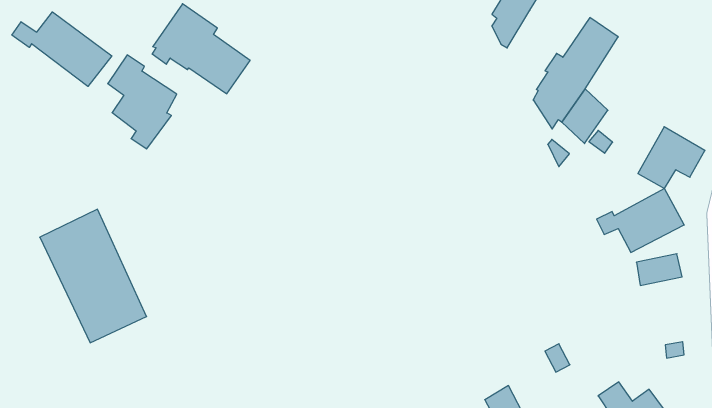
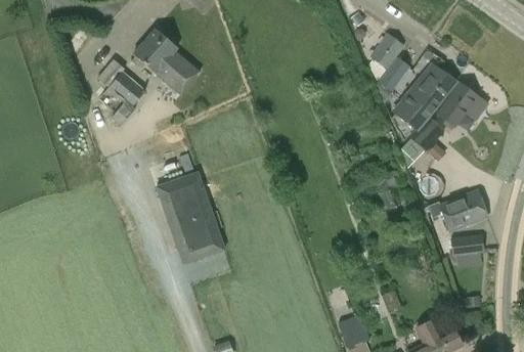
building: none -> [378,56,409,90]
building: [12,12,112,86] -> none
building: [638,127,705,189] -> [439,83,487,126]
building: [40,209,147,343] -> [156,172,224,264]

